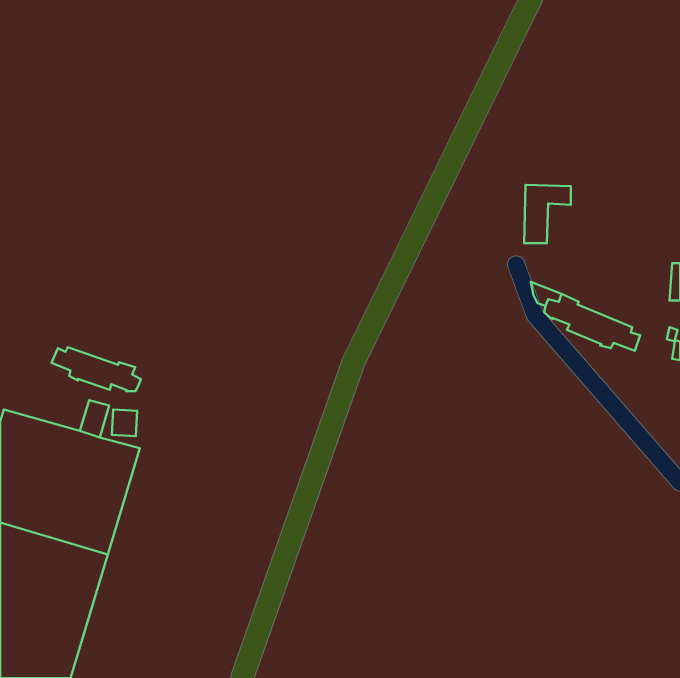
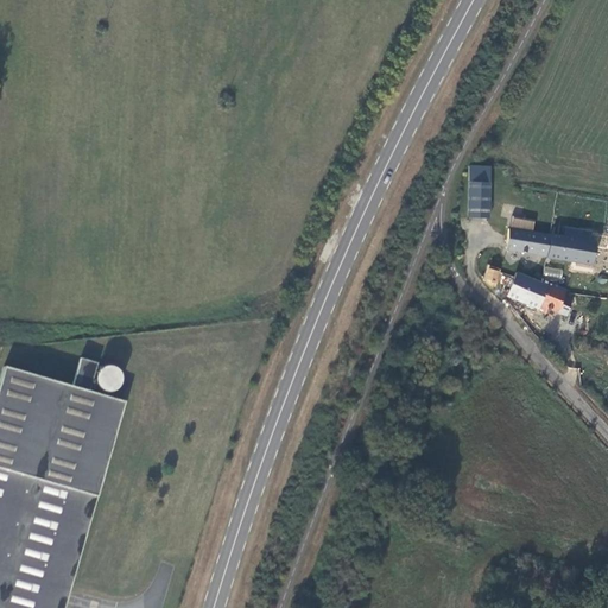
building: none -> [504,227,594,262]
building: [51,347,141,391] -> none

